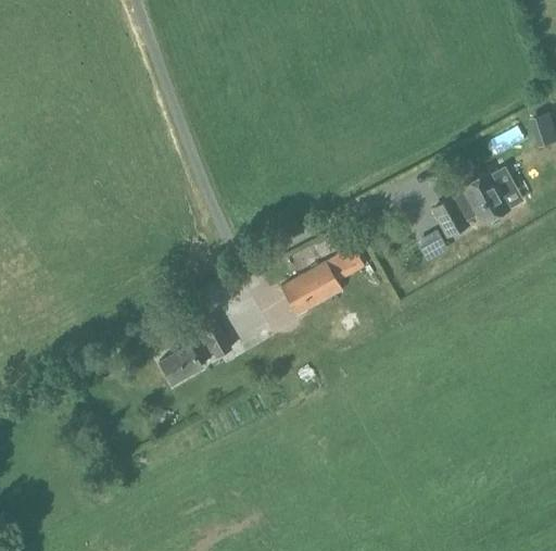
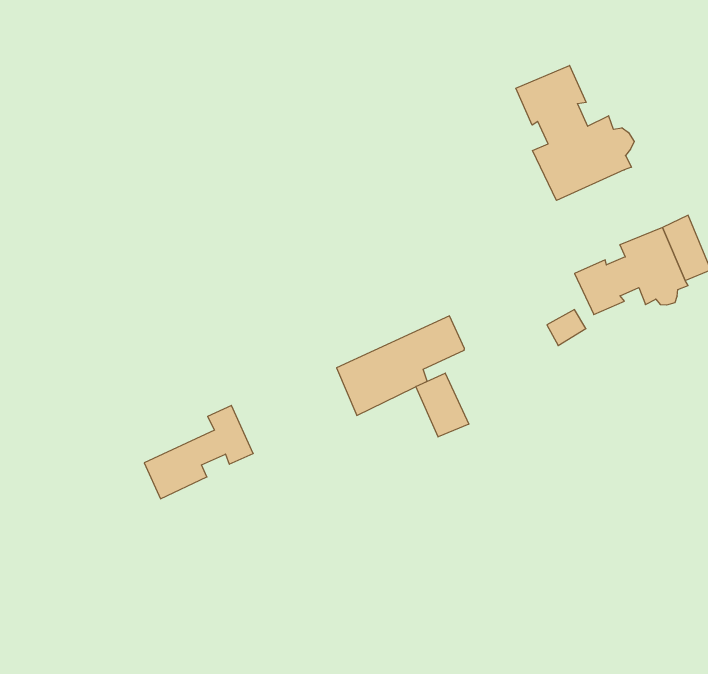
building: none -> [516,65,634,200]
building: none -> [416,373,469,437]

